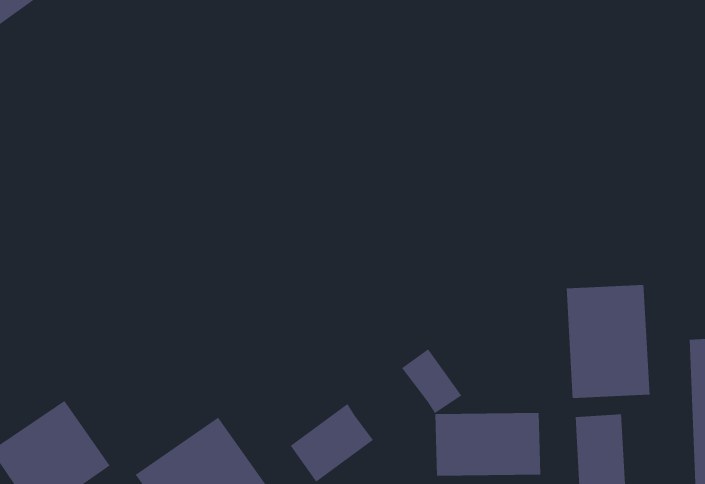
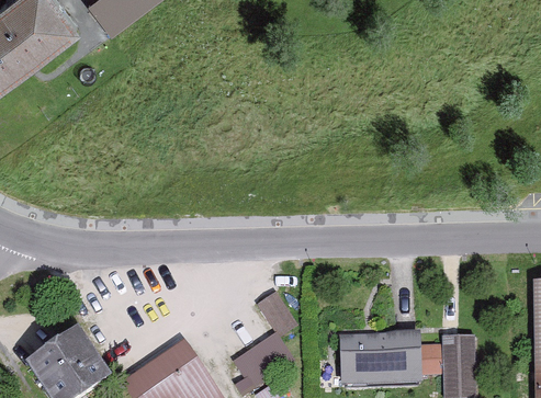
building: [566,284,650,399] -> none
building: [401,348,462,414] -> [260,292,304,339]

